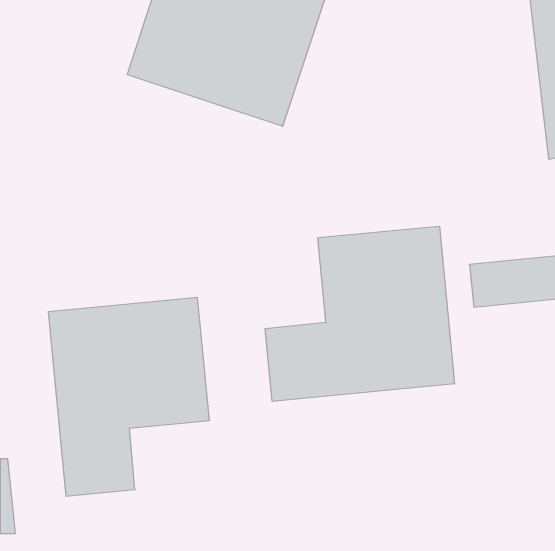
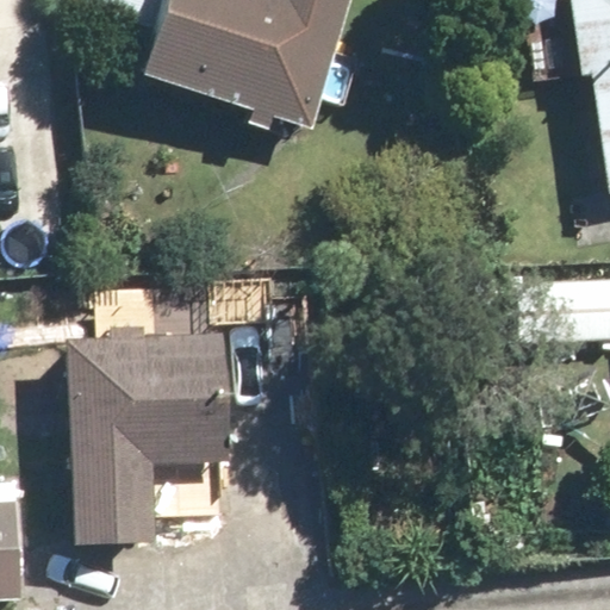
building: [265,226,454,401] -> none

